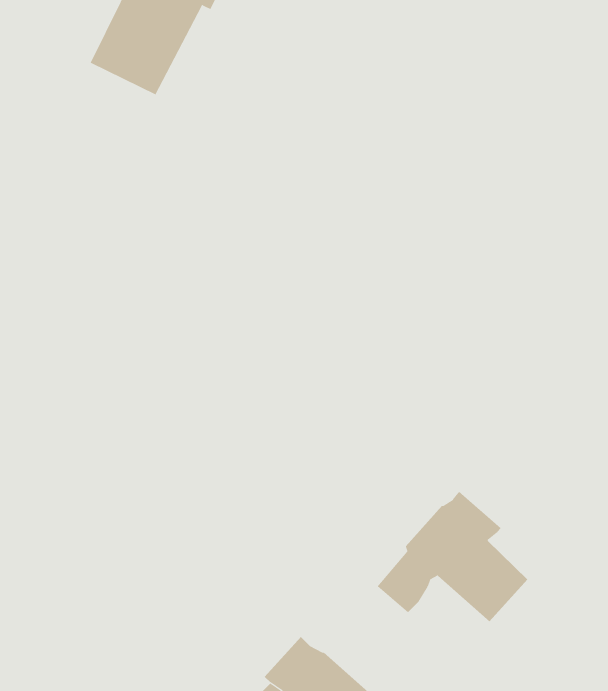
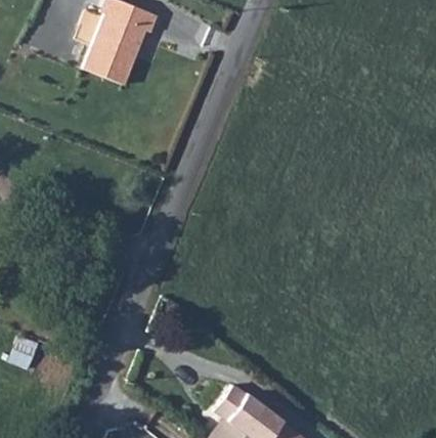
building: [377,491,528,622] -> none

